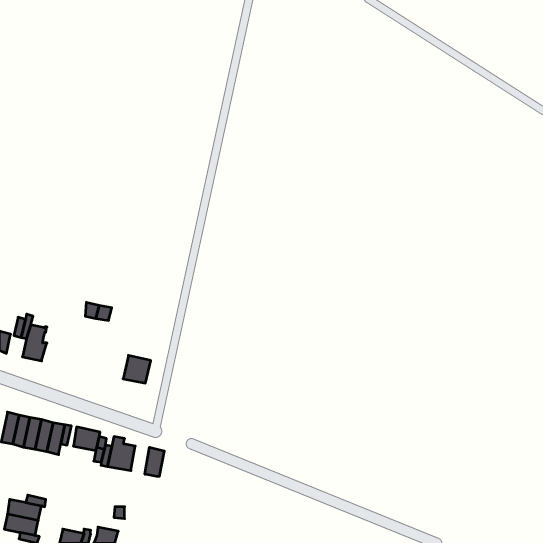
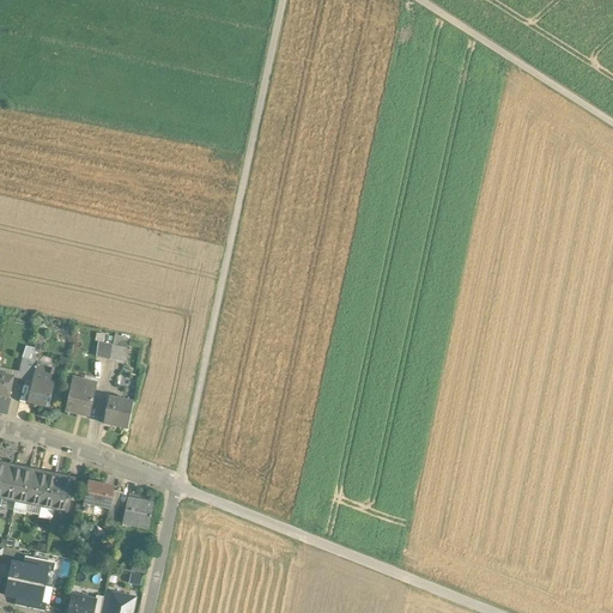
building: none -> [65,377,95,413]
building: [123,355,151,383] -> [102,396,133,427]
building: [145,447,164,476] -> none

